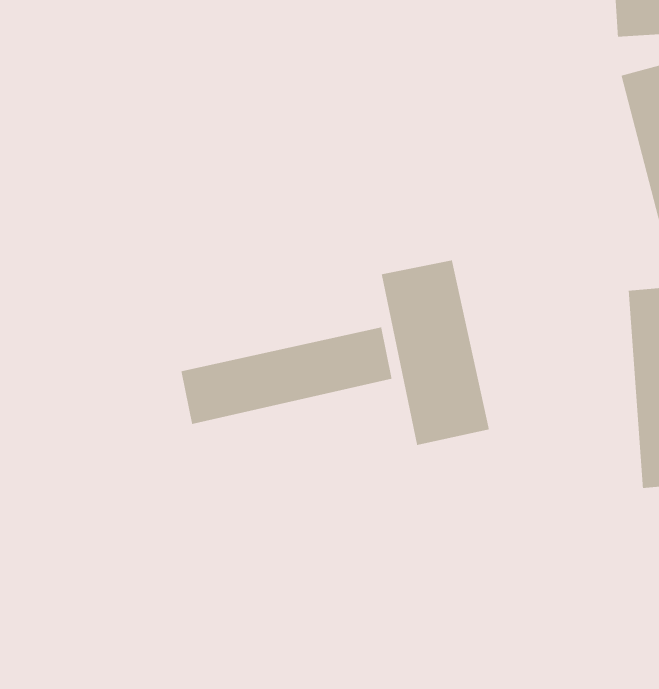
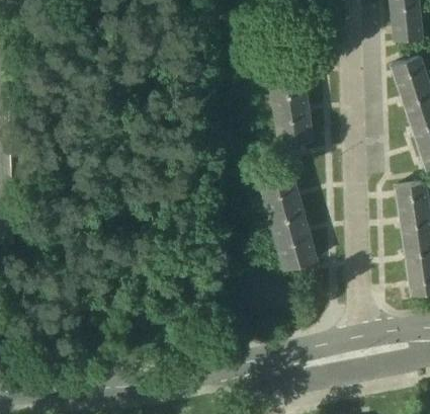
building: none -> [264,69,313,145]
building: [181,326,392,425] -> none

